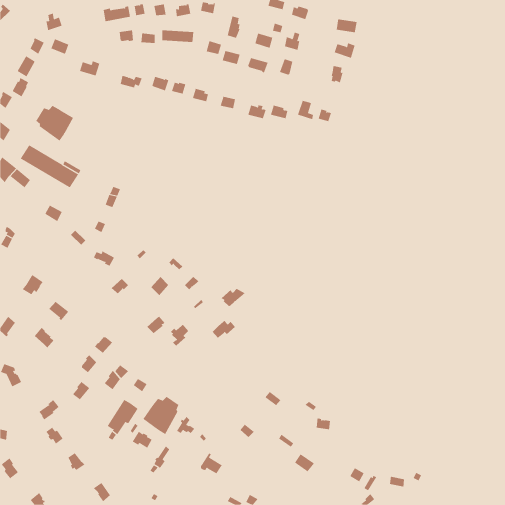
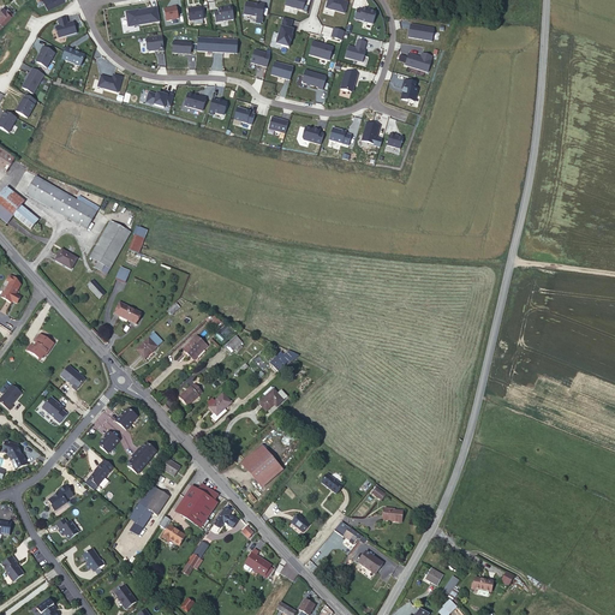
building: [36,105,74,142] -> none
building: none -> [89,220,130,270]
building: none -> [240,441,283,486]

